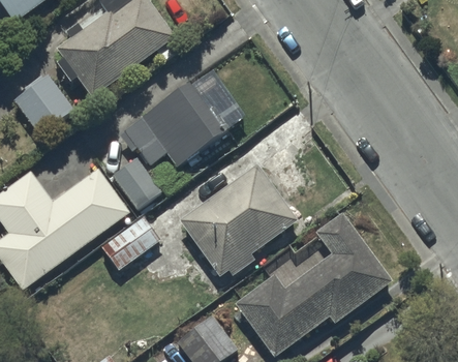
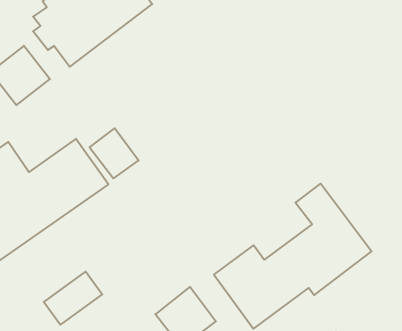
building: [125,81,232,165] -> none
building: [180,163,298,275] -> none
building: [101,216,159,269] -> [44,272,102,325]

